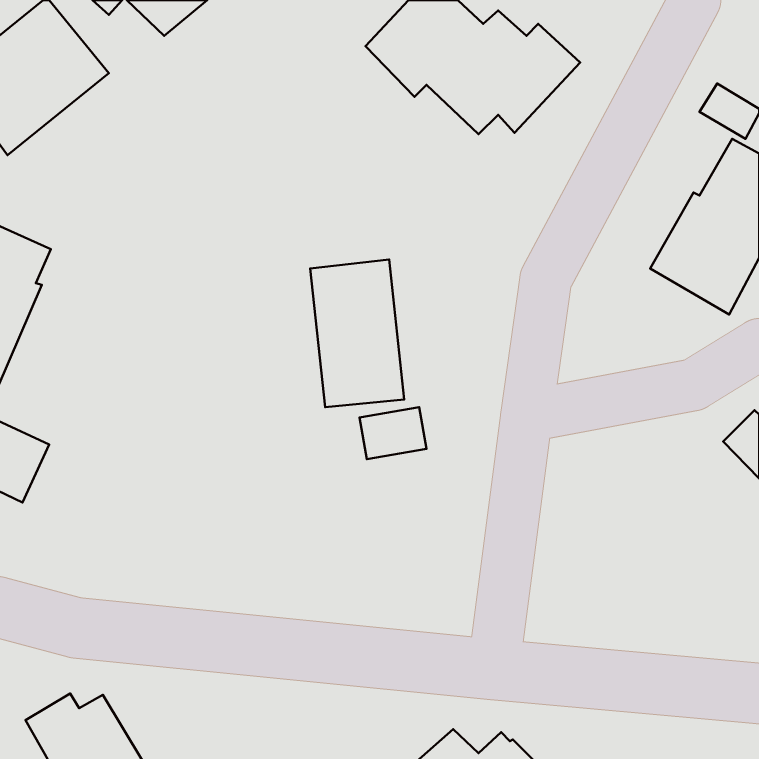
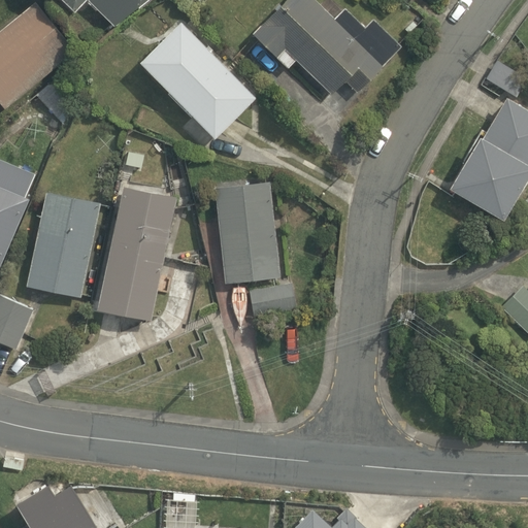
building: none -> [140,21,256,139]
building: none -> [97,186,177,321]
building: none -> [26,192,100,297]

